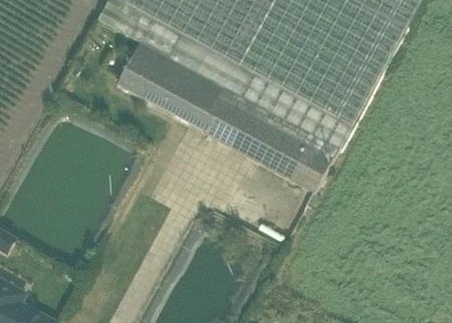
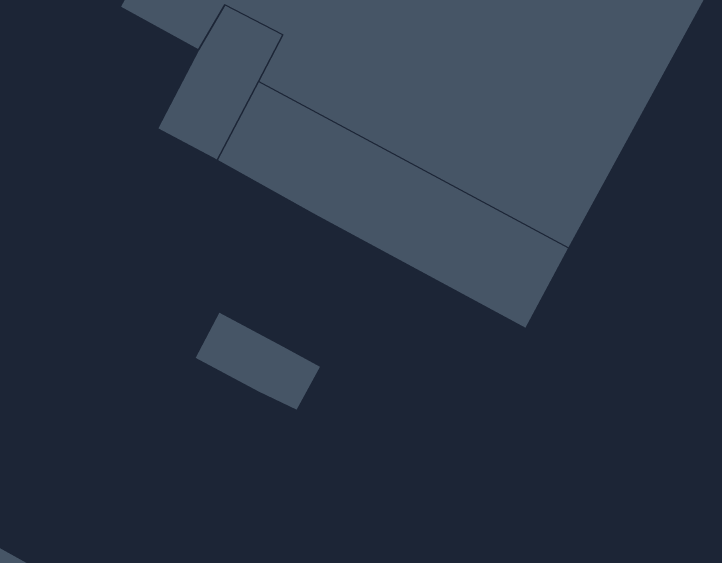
building: none -> [195,312,321,411]

